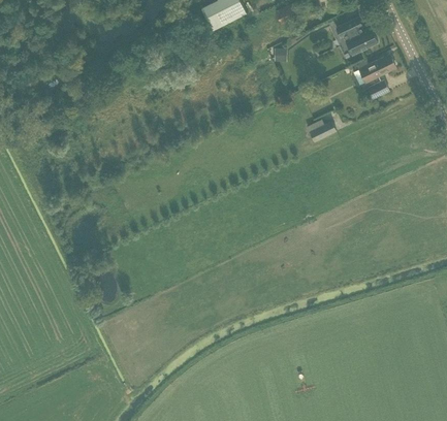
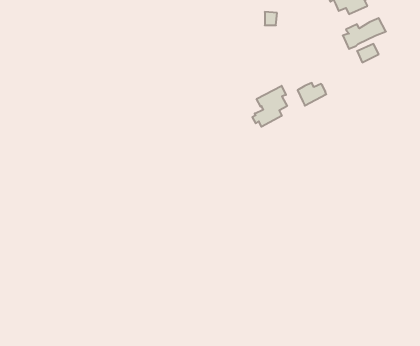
building: none -> [252,86,287,127]

